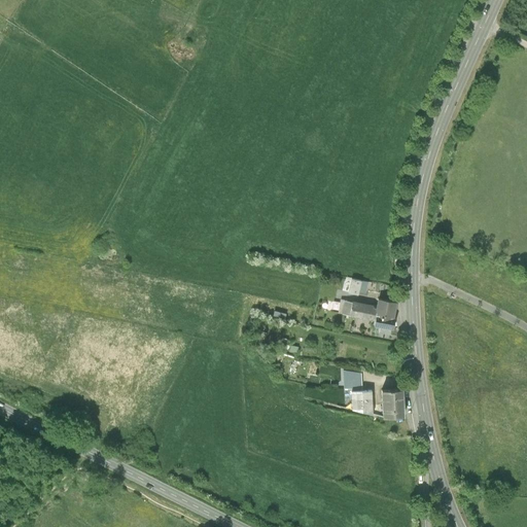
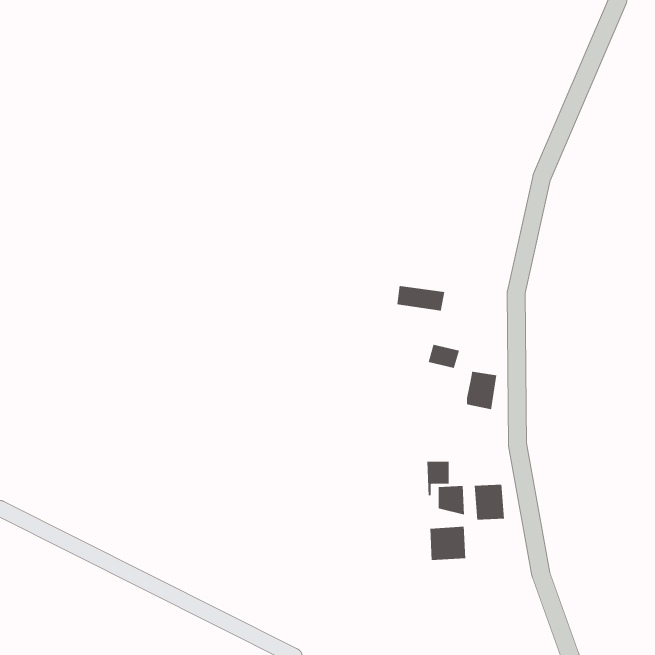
building: [339,300,378,320] -> [396,285,445,311]
building: none -> [430,526,466,561]

